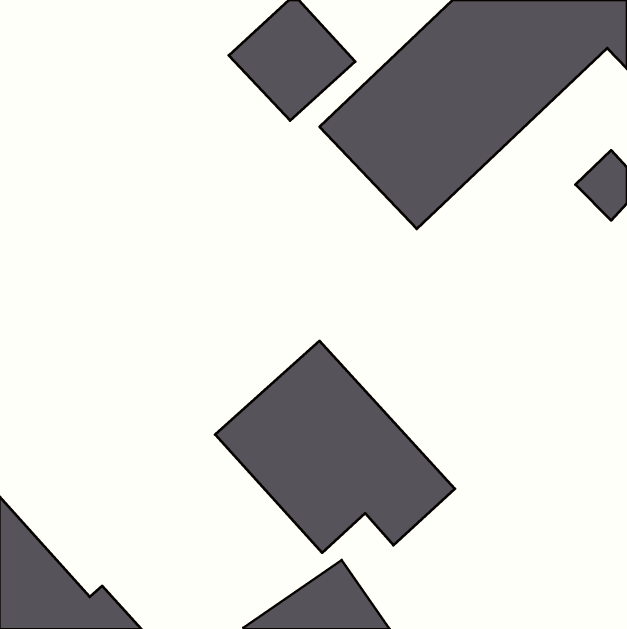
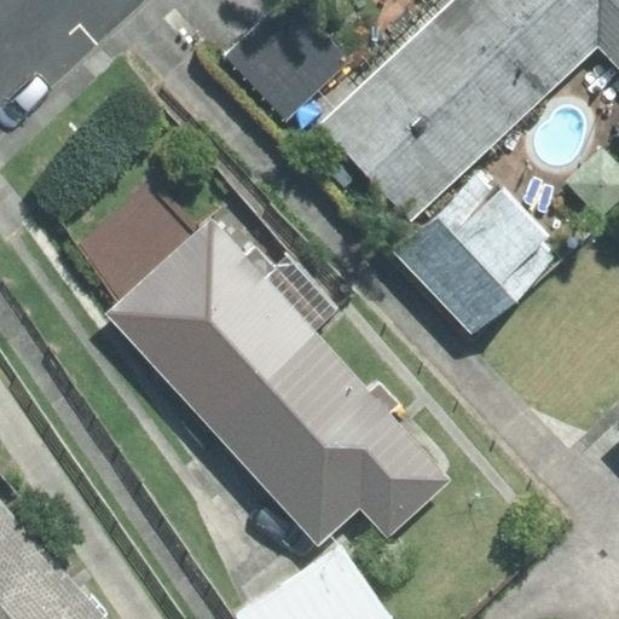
building: none -> [393,168,562,336]
building: none -> [108,220,314,427]

